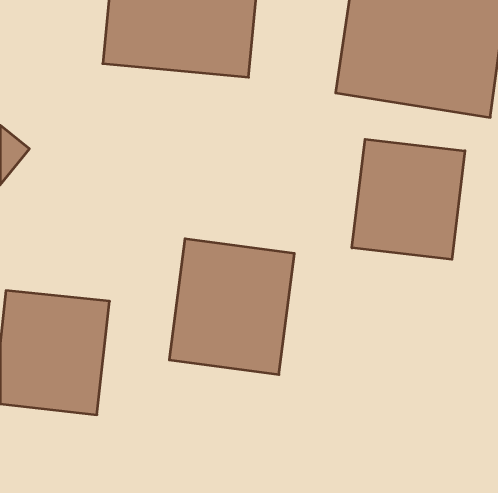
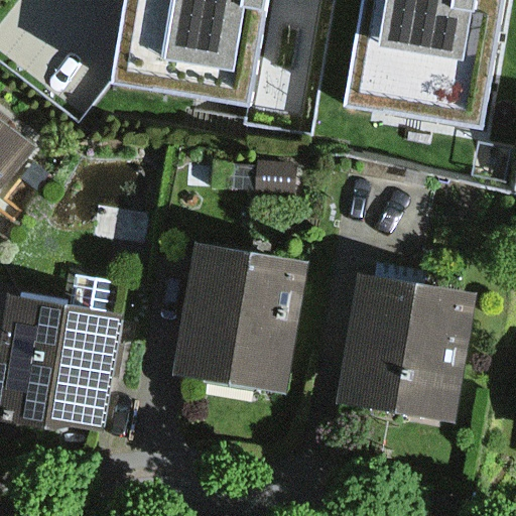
building: [352,139,465,259] -> none
building: none -> [335,271,473,411]

